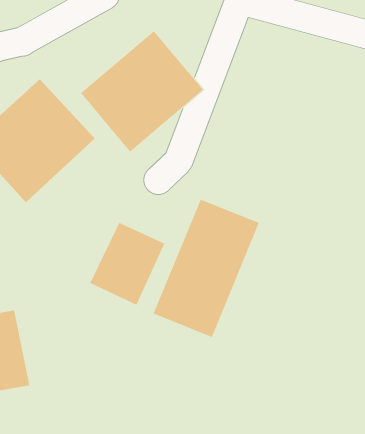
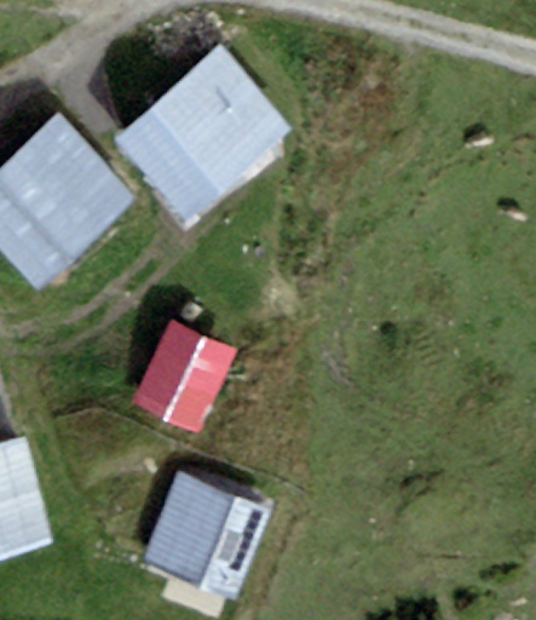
building: [153,199,260,338] -> none
building: none -> [143,471,269,595]

